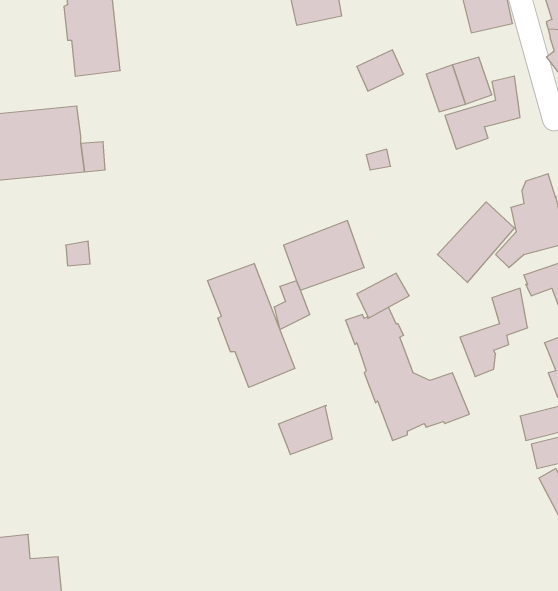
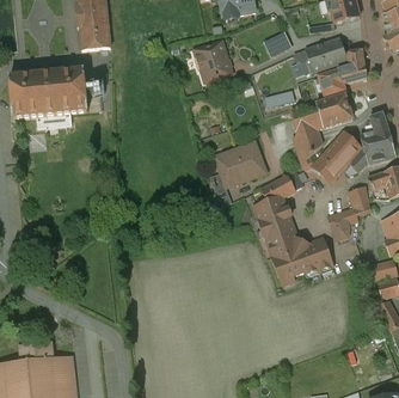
building: none -> [196,41,232,79]
building: none -> [291,93,352,166]
building: [208,263,295,387] -> none
building: [279,405,332,455] -> none

